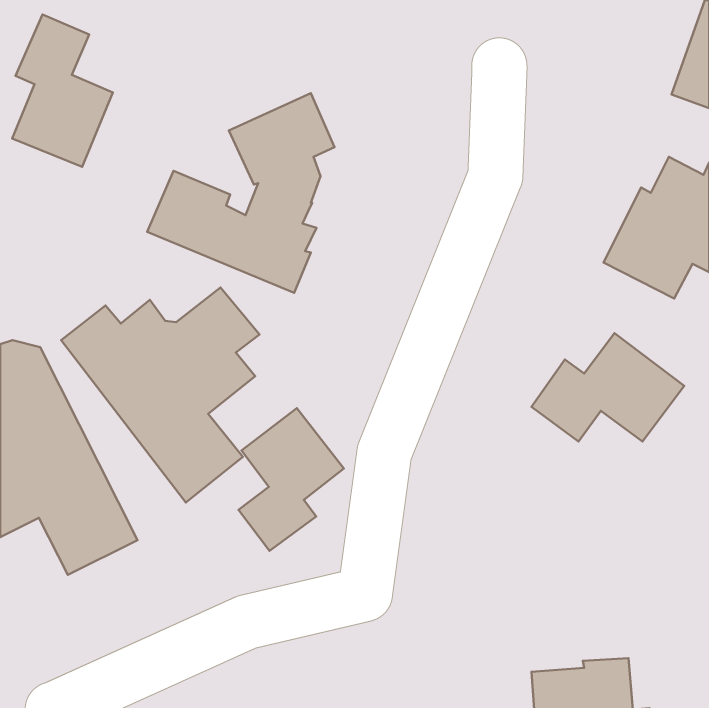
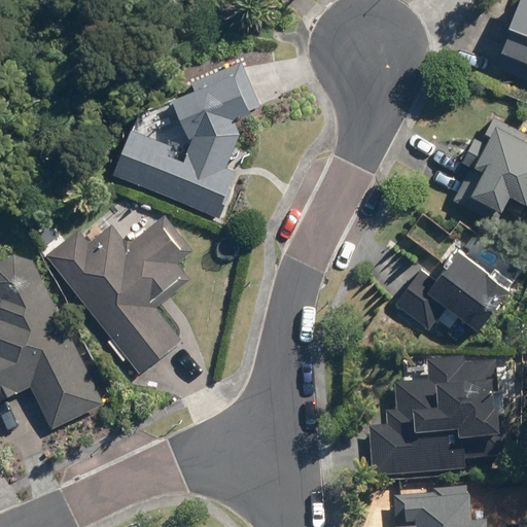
building: [12,14,113,167] -> none
building: [239,408,344,551] -> none
building: none -> [368,360,507,480]

